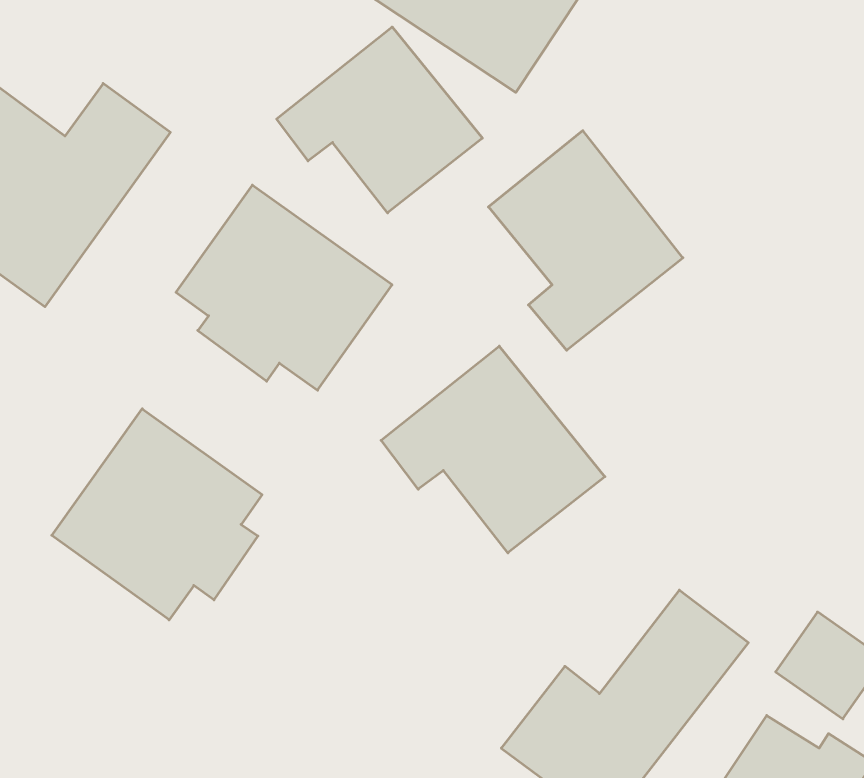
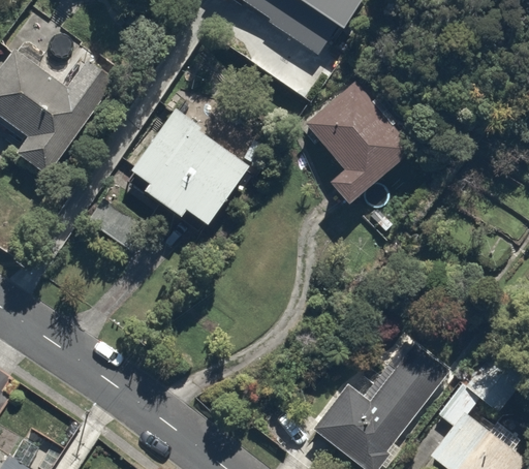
building: [277,27,482,213] -> none
building: [381,346,605,553] -> none
building: [52,409,262,620] -> none

